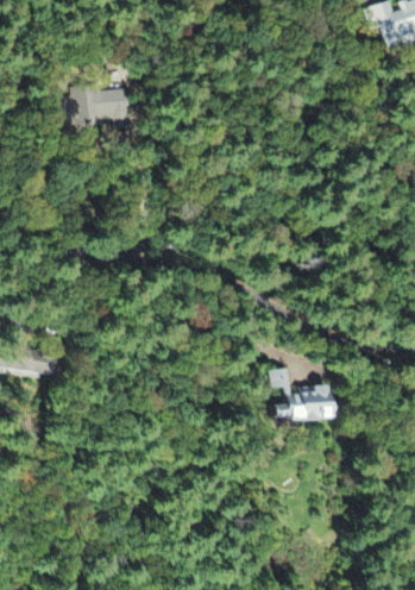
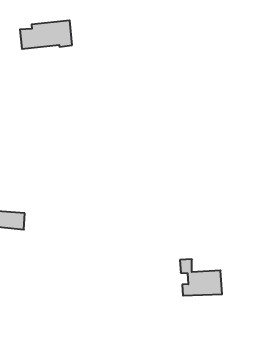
building: [272,370,328,421] -> [180,259,222,296]

